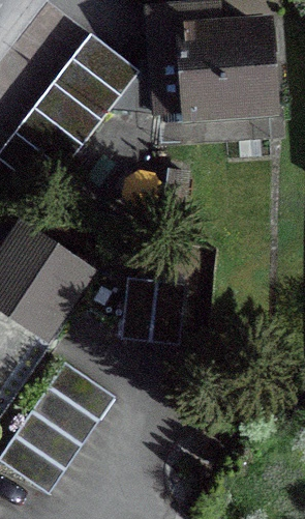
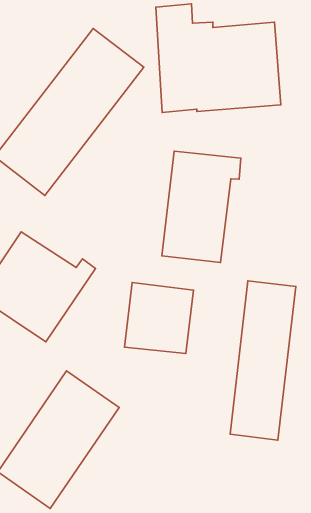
building: none -> [162,151,241,263]
building: none -> [230,281,296,440]

